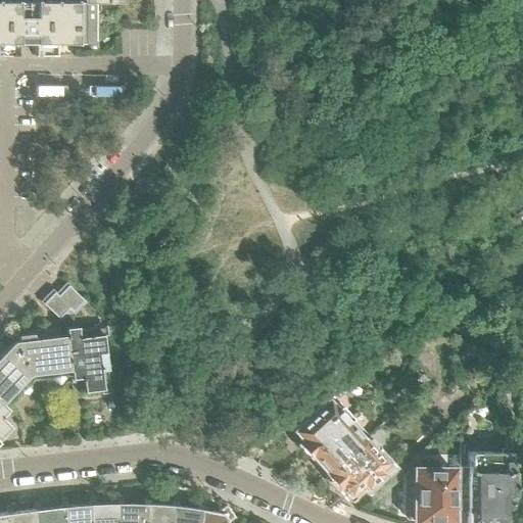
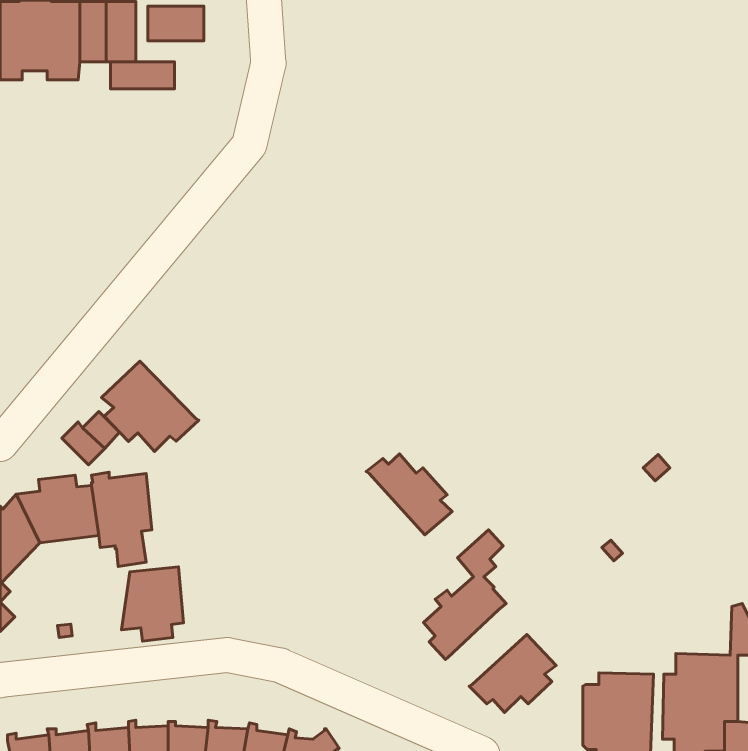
building: none -> [148,6,204,41]
building: none -> [111,62,175,89]
building: none -> [101,361,199,452]
building: none -> [366,454,452,535]
building: none -> [121,567,184,641]
building: [314,424,371,476] -> none

